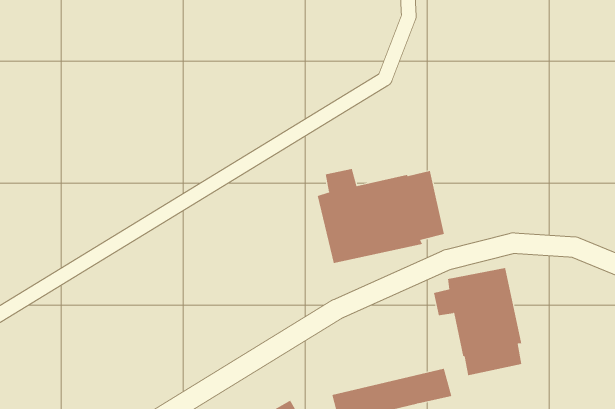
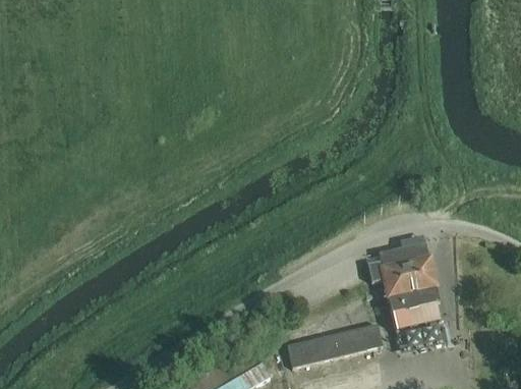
building: [317,168,444,264] -> none

